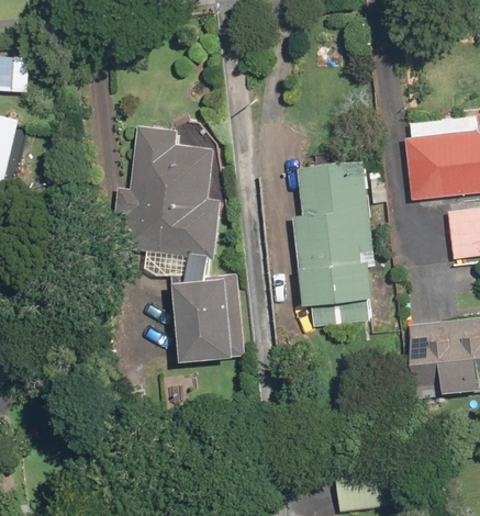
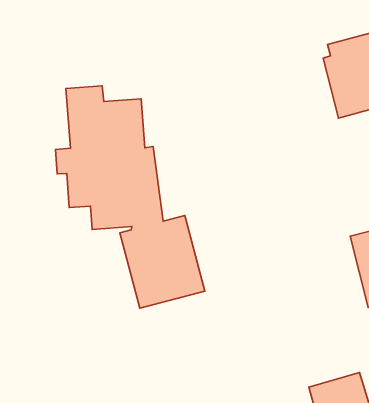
building: [292,162,387,326] -> none

